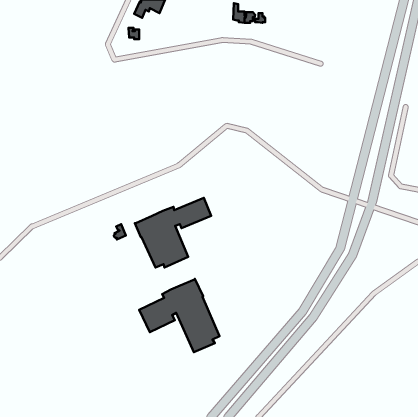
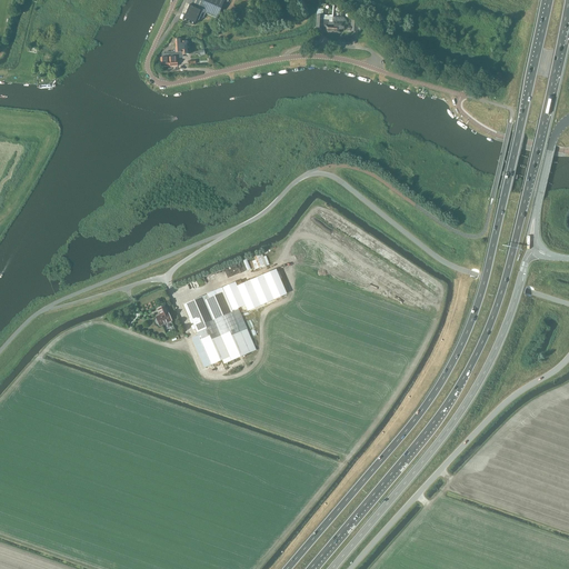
building: [139,279,219,352] -> none

